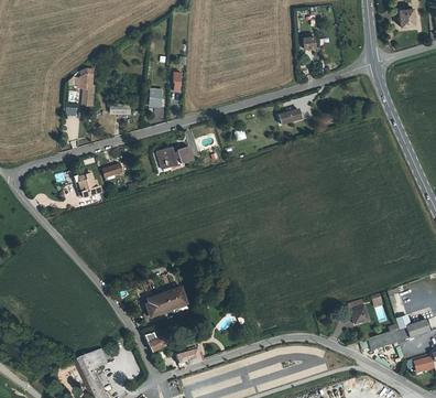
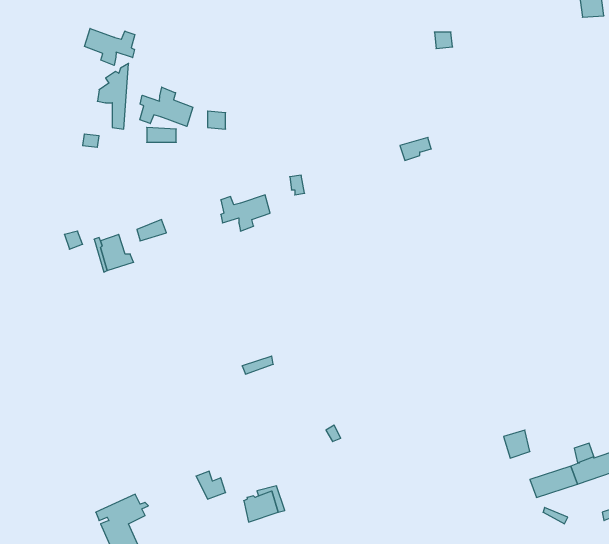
building: none -> [85,28,135,65]
building: none -> [140,87,193,126]
building: [145,286,186,316] -> none

